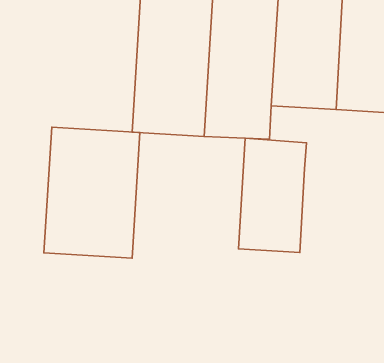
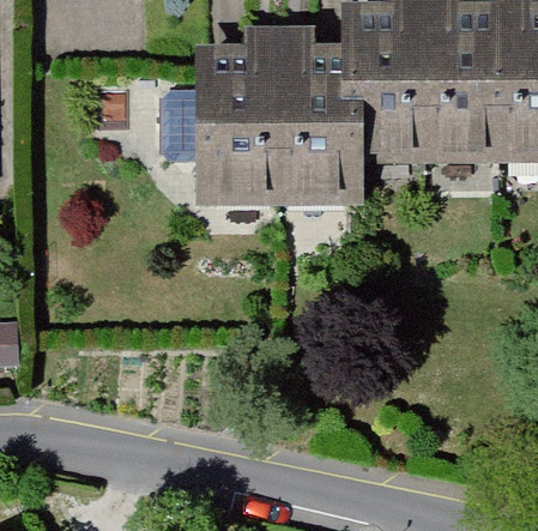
building: [44,127,140,258] -> none
building: [239,138,307,253] -> none

